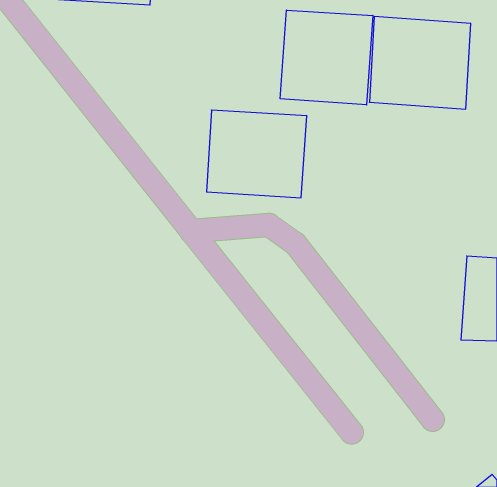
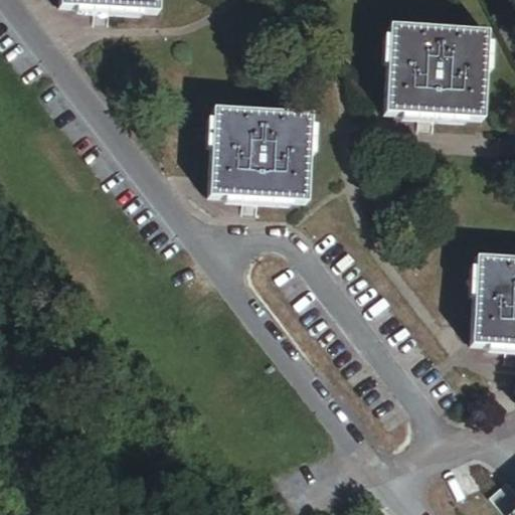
building: [280,10,373,105] -> none

